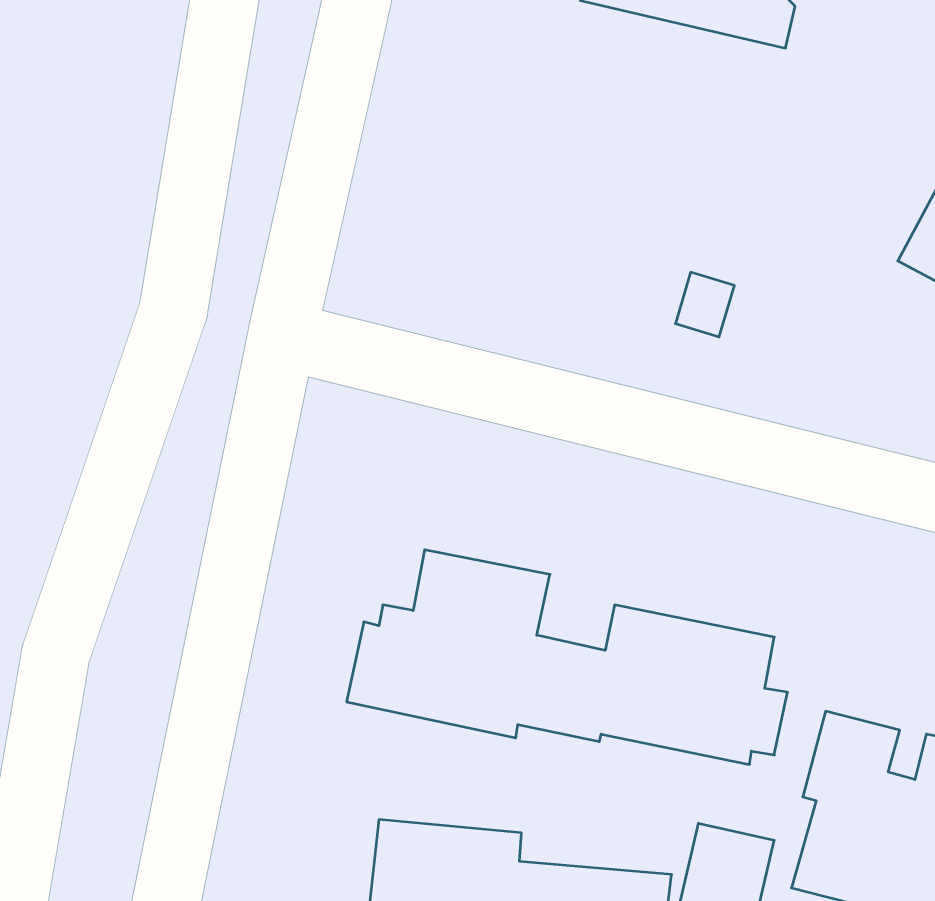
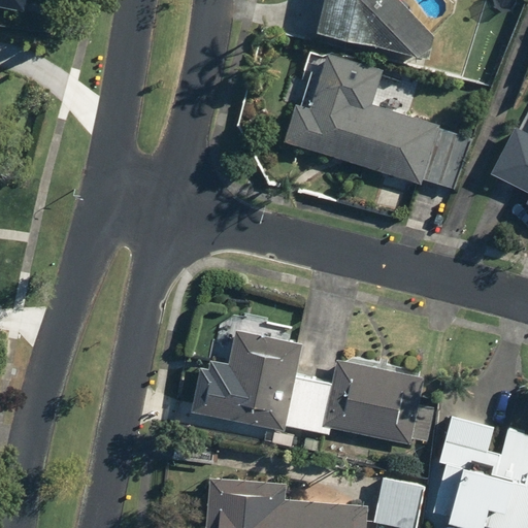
building: none -> [283,53,471,190]

